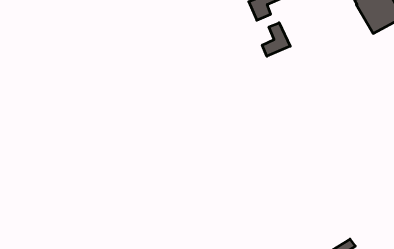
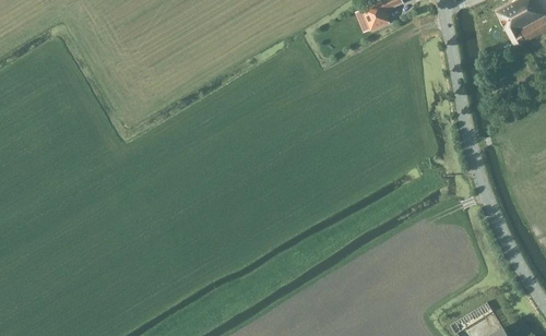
building: [262,23,290,56] -> none

